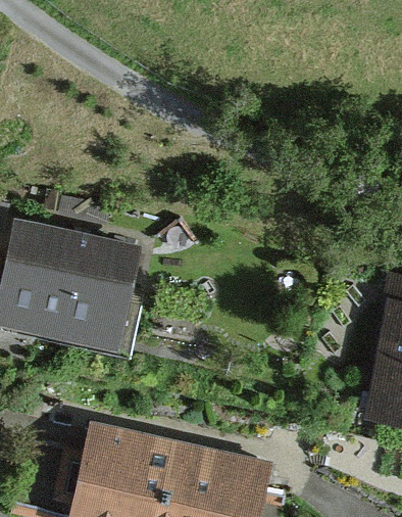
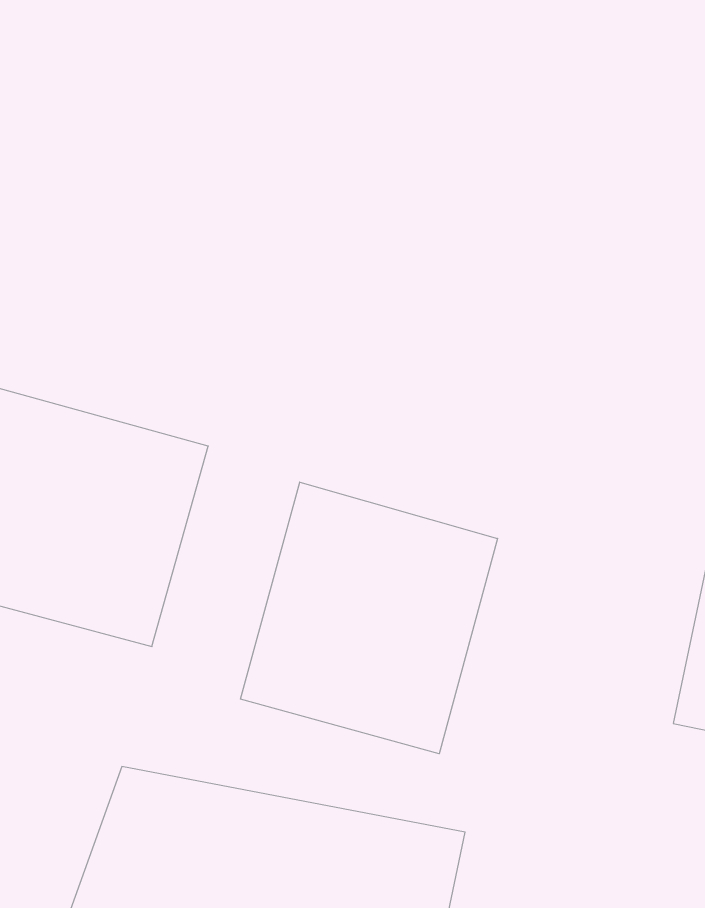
building: none -> [241,482,498,754]

